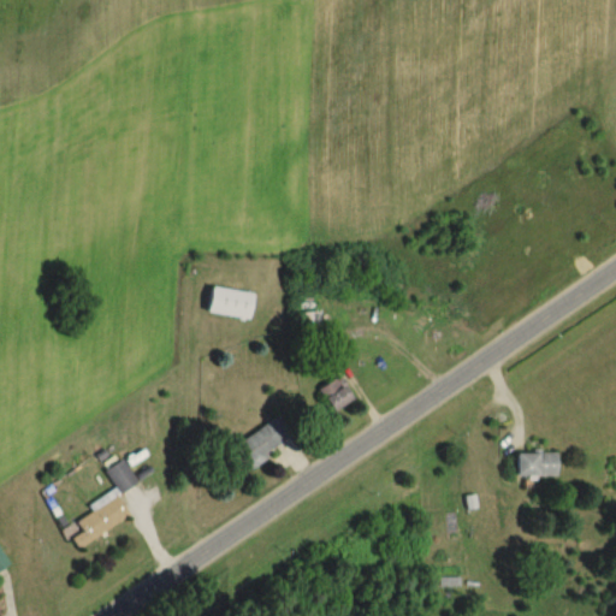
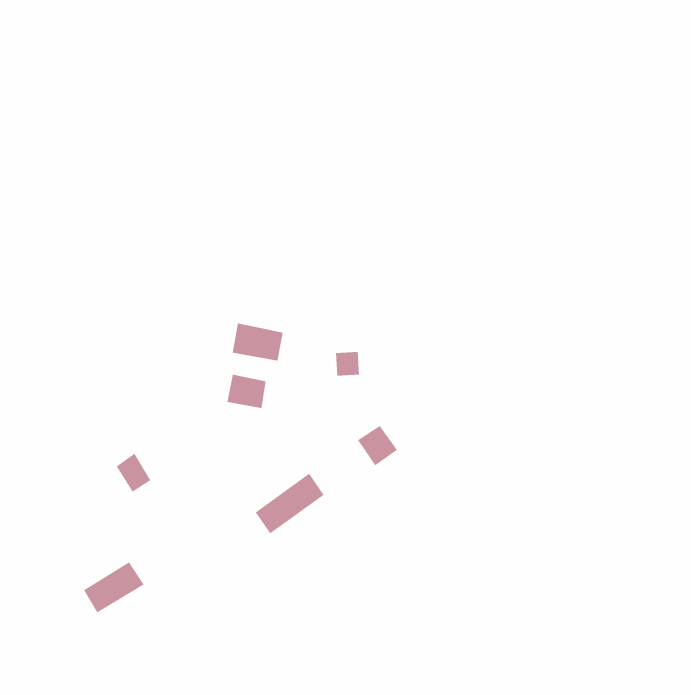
building: none -> [227,374,266,409]
building: [519,452,558,475] -> none
building: [108,458,140,493] -> [116,453,151,492]

